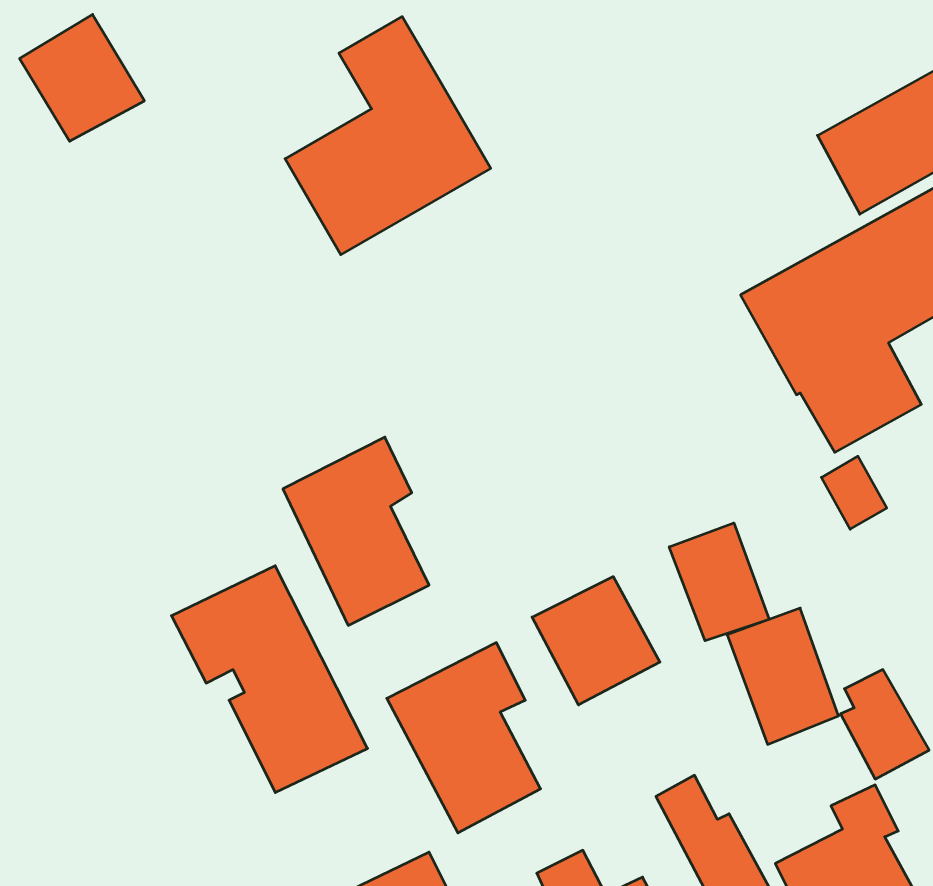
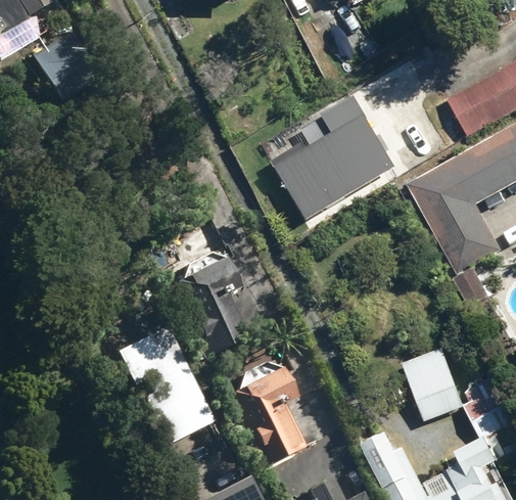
building: [285,17,491,255] -> [278,80,387,207]
building: [669,523,769,641] -> none
building: [532,577,660,705] -> none

